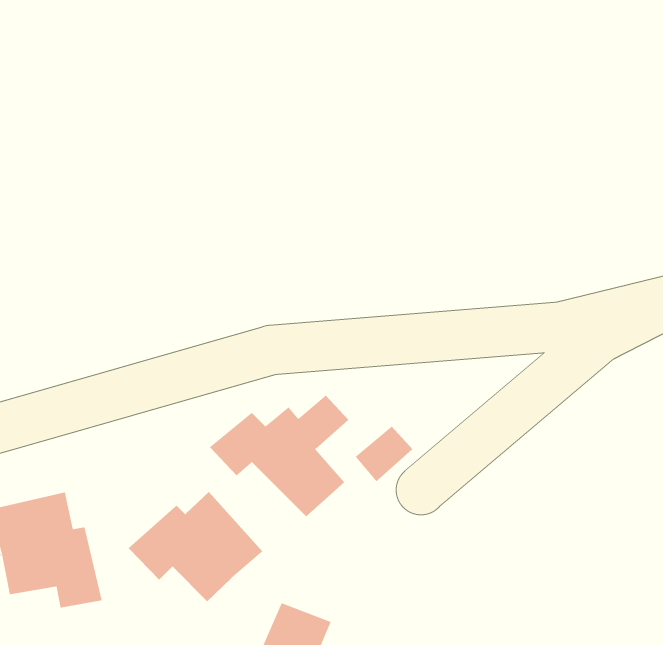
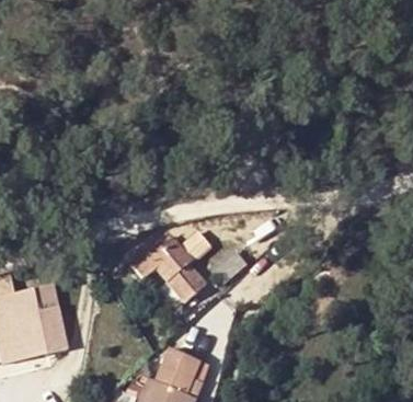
building: [128,491,263,602] -> none

